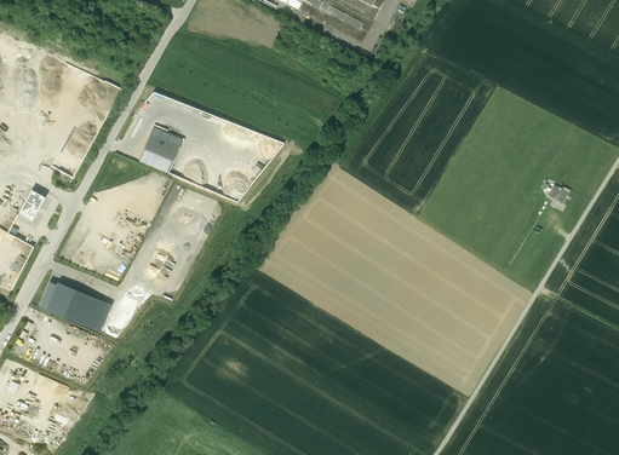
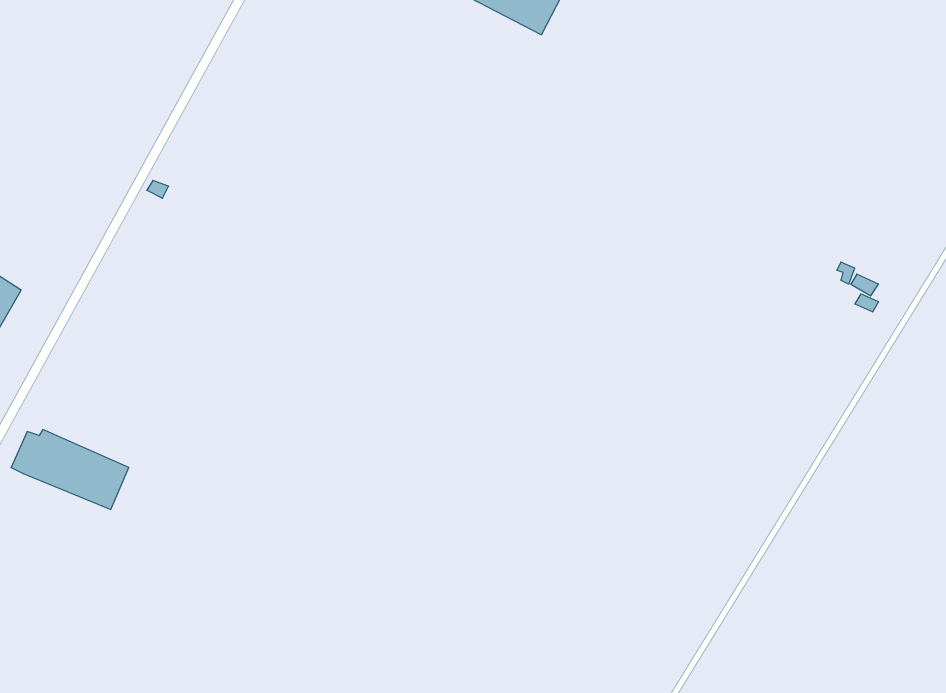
building: [139,126,183,171] -> none

